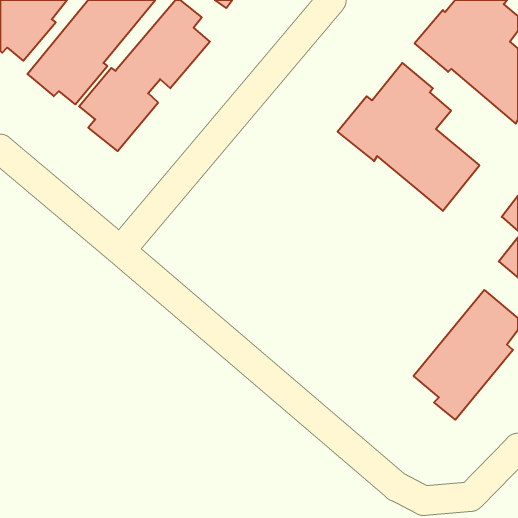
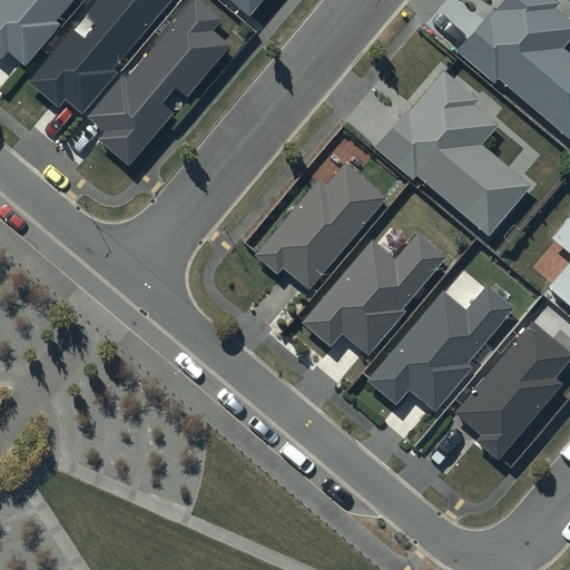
building: none -> [256,161,389,292]
building: none -> [301,232,446,356]
building: none -> [367,284,514,411]

